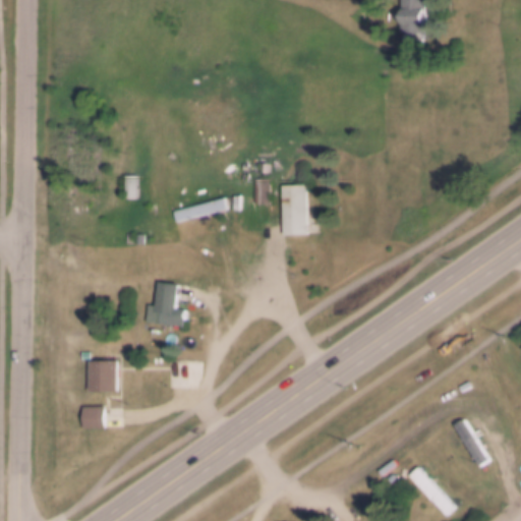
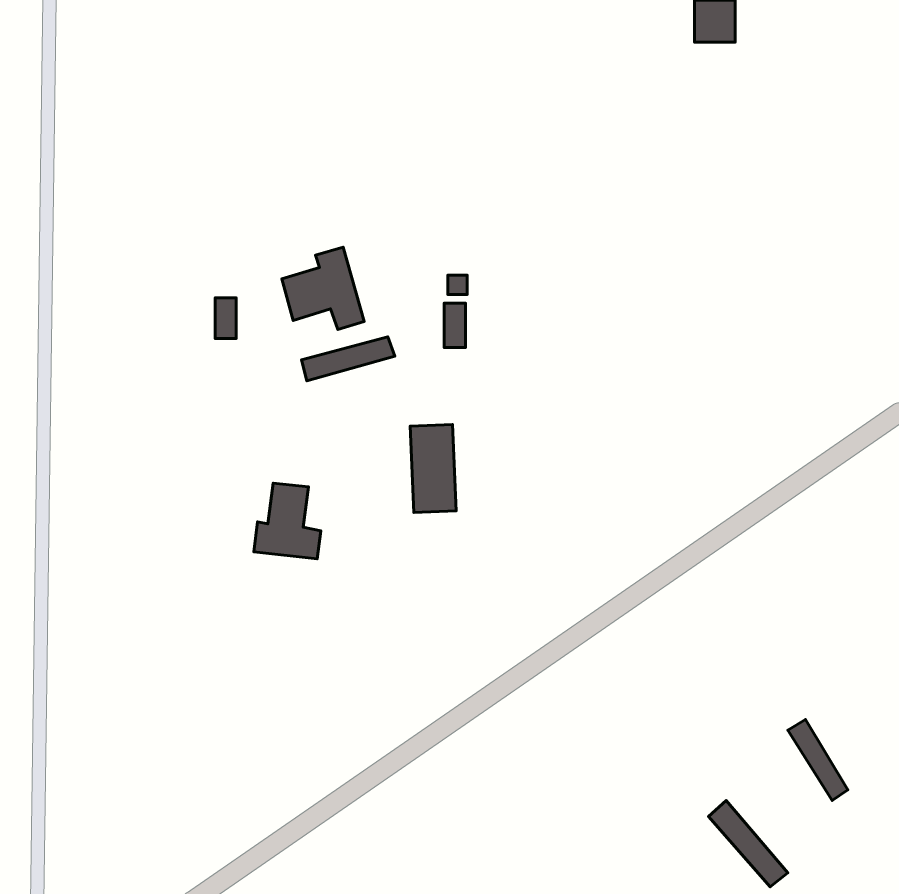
building: none -> [282,247,364,329]
building: [282,185,308,236] -> [410,424,456,513]
building: [89,361,116,393] -> none
building: [81,407,103,427] -> none

